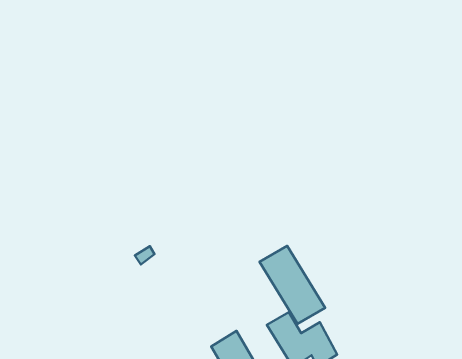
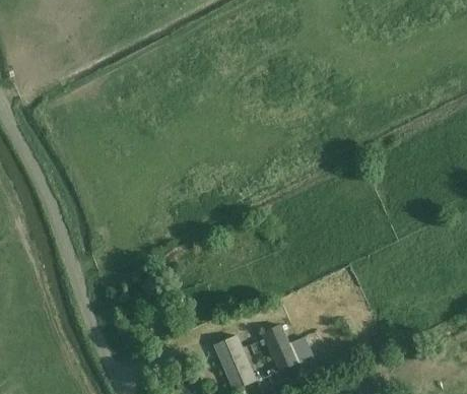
building: [260,246,325,324] -> none

